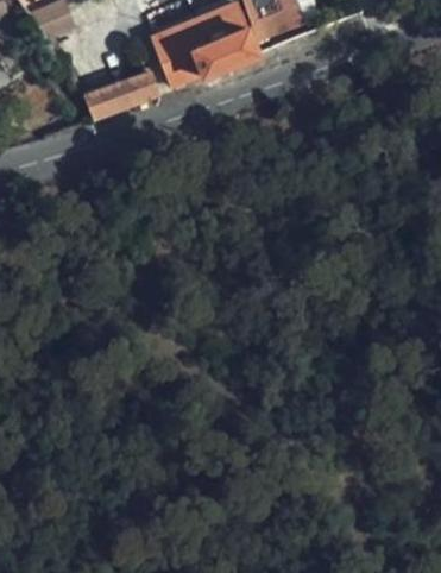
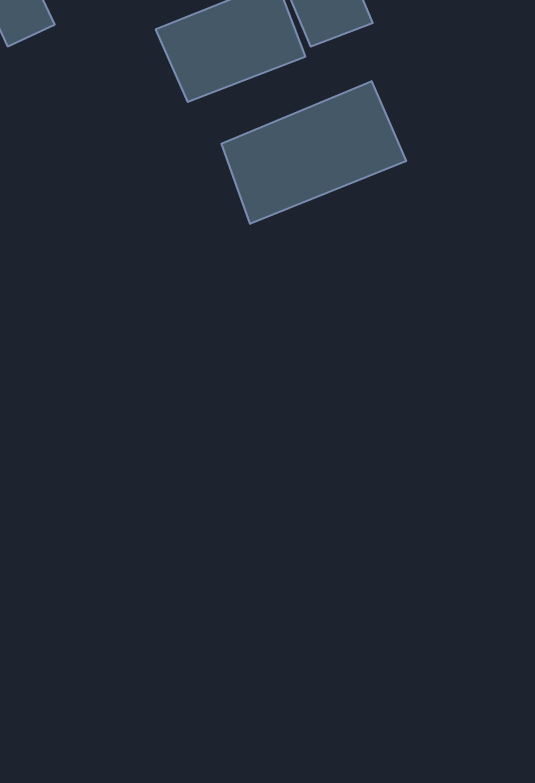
building: [86,69,158,118] -> none
building: none -> [221,81,406,224]

